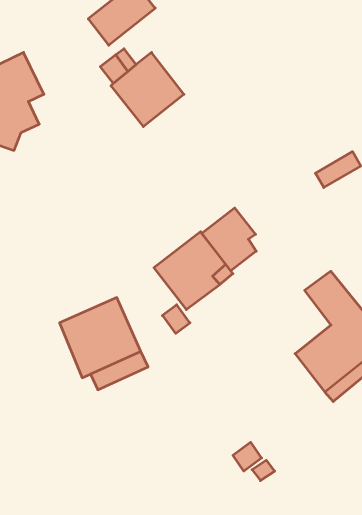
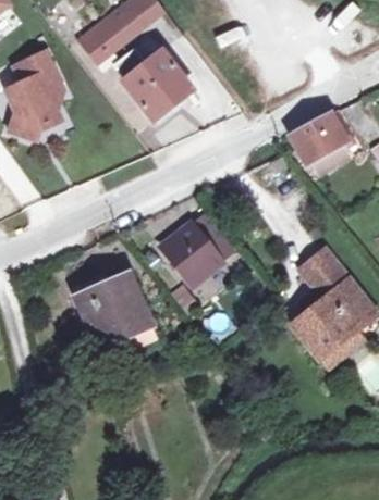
building: none -> [80,20,122,62]
building: none -> [292,112,347,162]
building: [202,208,256,271] -> none

